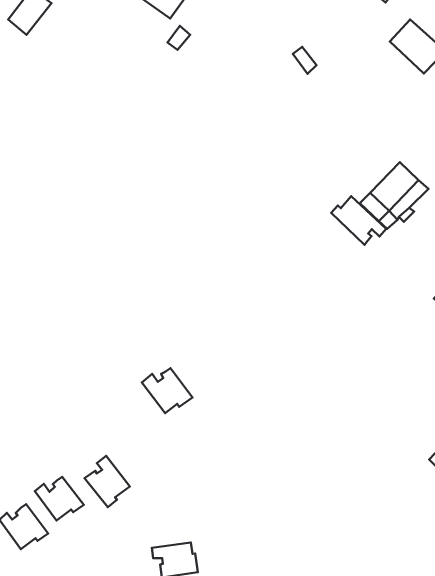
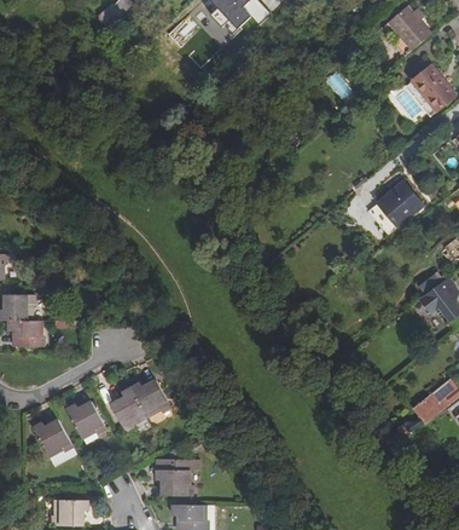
building: [331,196,386,245] -> none
building: [142,368,192,413] -> [129,380,169,416]

